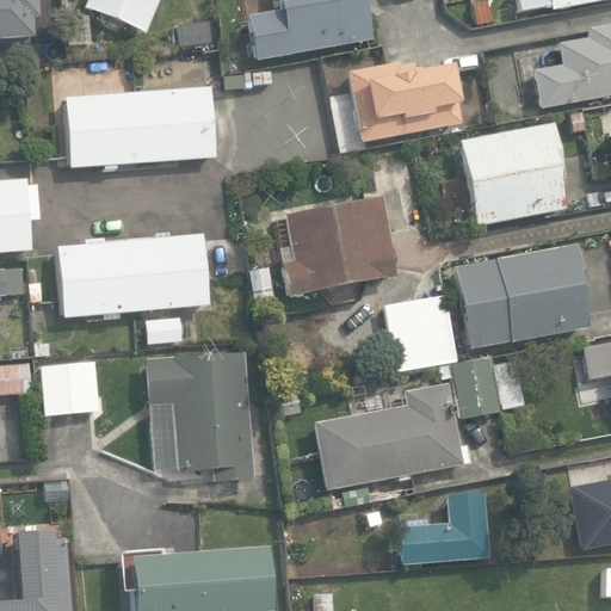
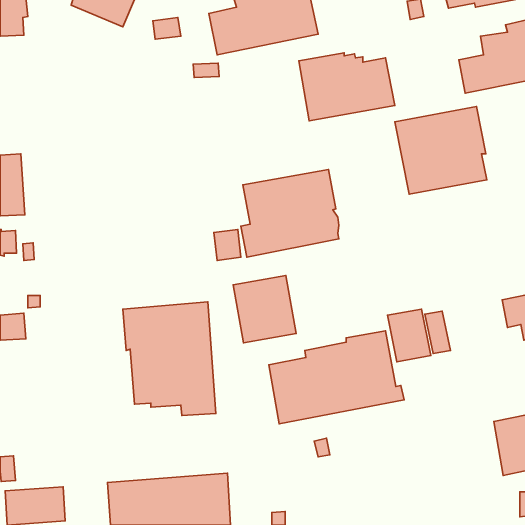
building: [66,86,217,168] -> none
building: [58,230,210,319] -> none
building: [453,245,590,347] -> none
building: [384,294,457,371] -> [233,276,296,343]
building: [42,360,100,414] -> none
building: [397,490,489,563] -> none

